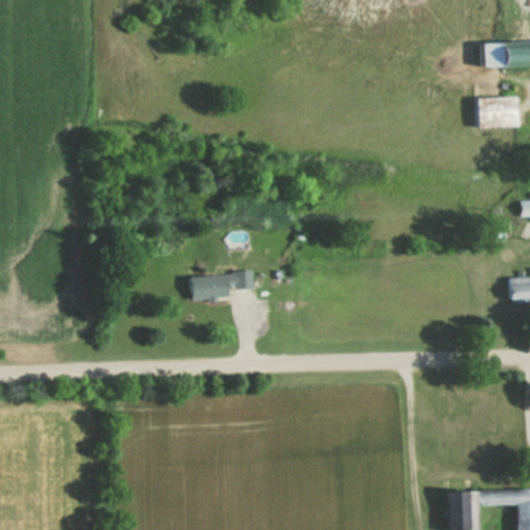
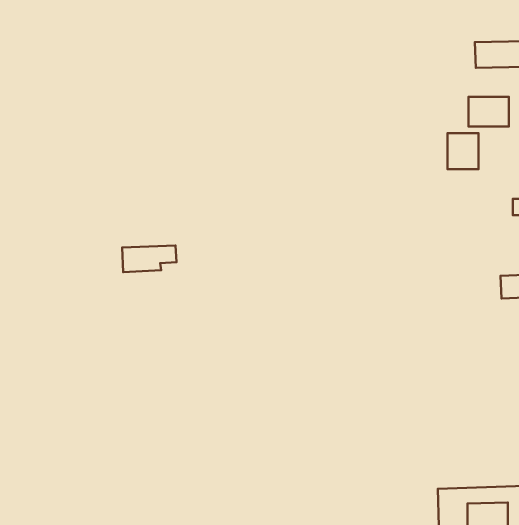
building: none -> [448,133,479,169]
building: [193,273,247,300] -> [122,246,177,272]

